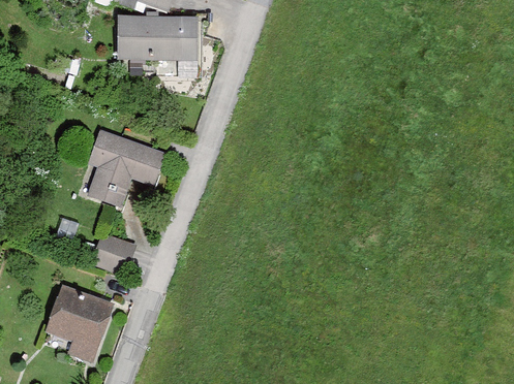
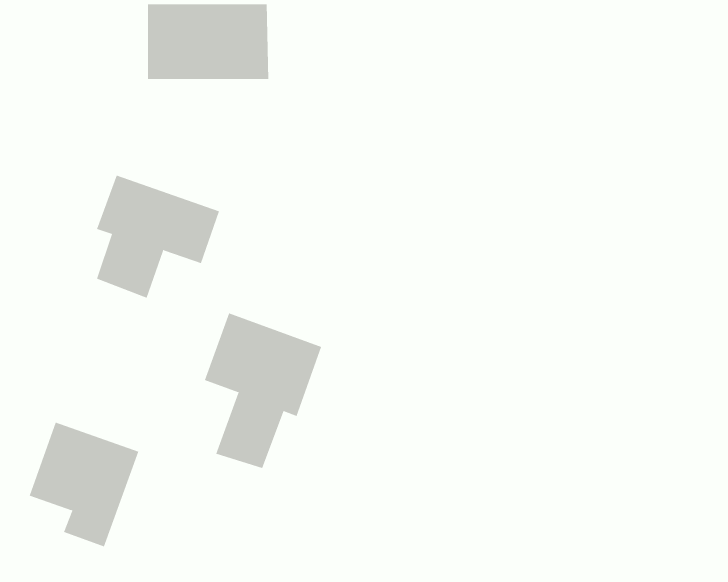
building: none -> [204,313,322,469]
building: [91,229,137,274] -> none

